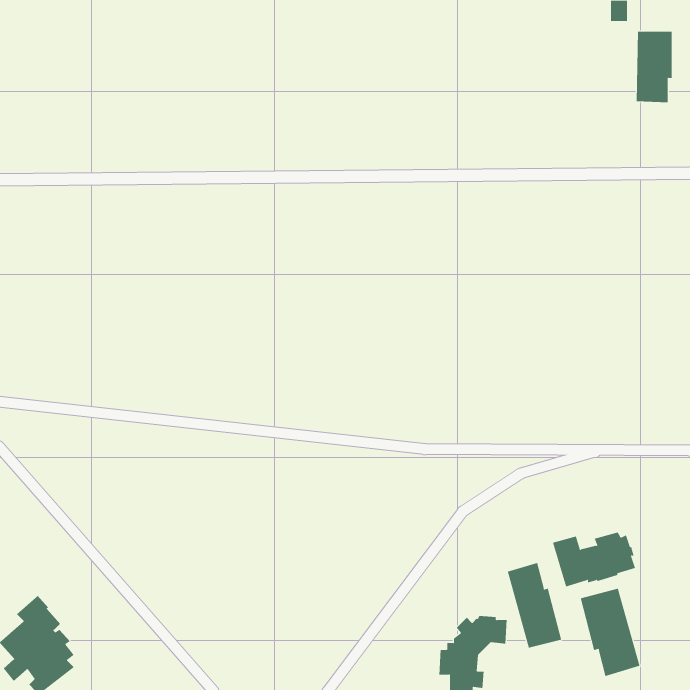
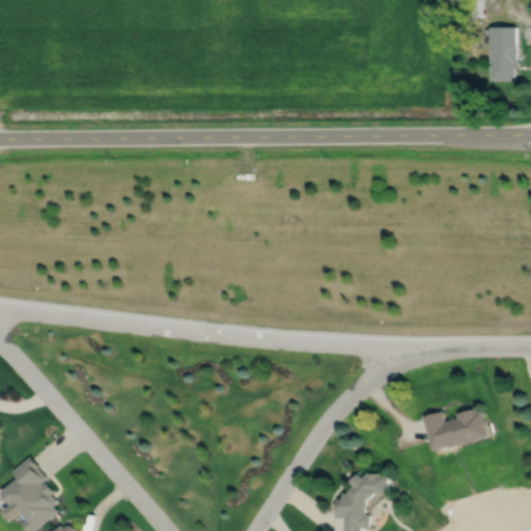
building: [507,562,562,648] -> none
building: [580,588,640,677] -> none

